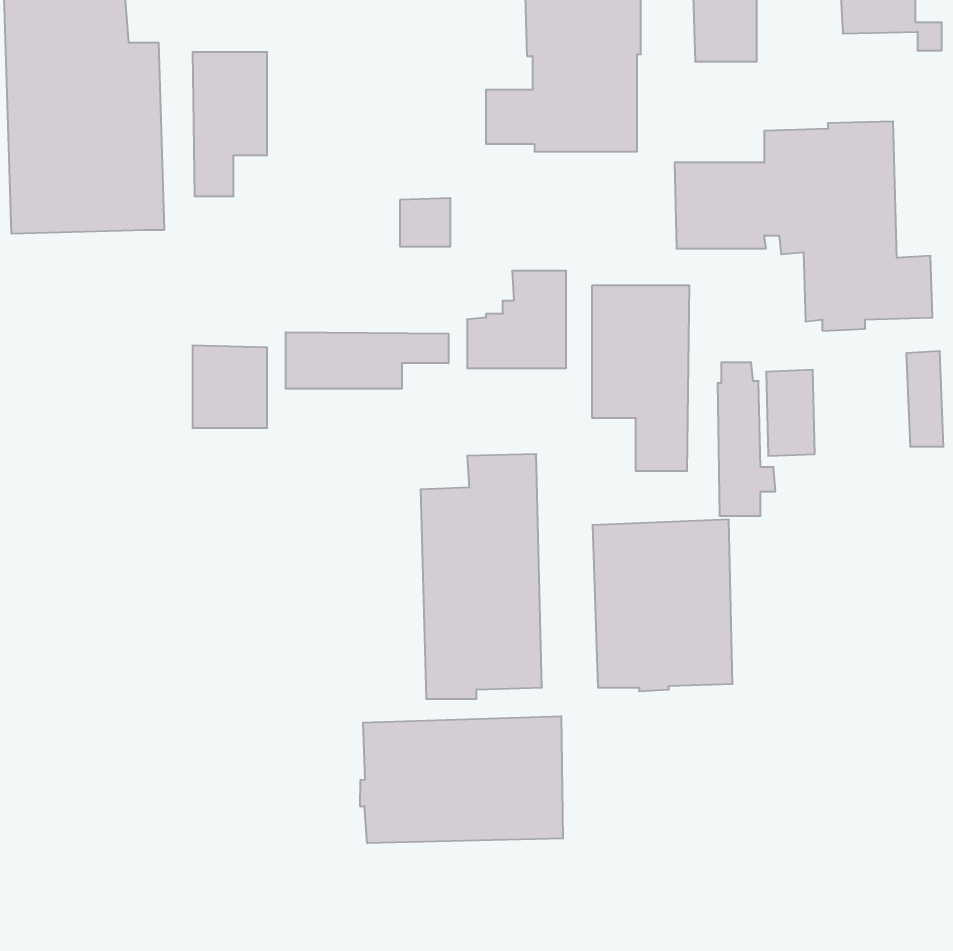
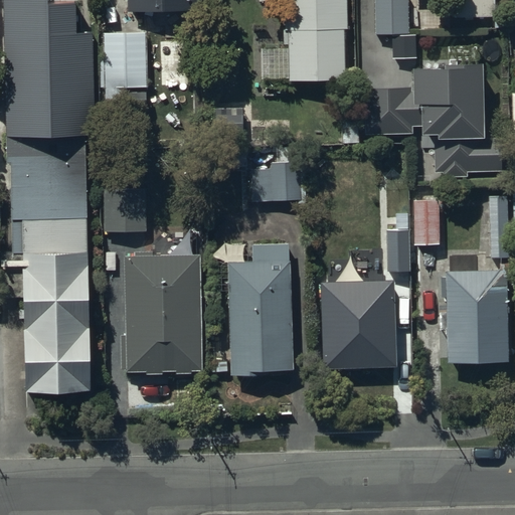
building: none -> [7,124,91,392]
building: [592,285,689,471] -> none
building: [286,332,448,389] -> none
building: none -> [120,251,202,375]
building: none -> [437,270,508,363]
building: [360,716,563,843] -> none

